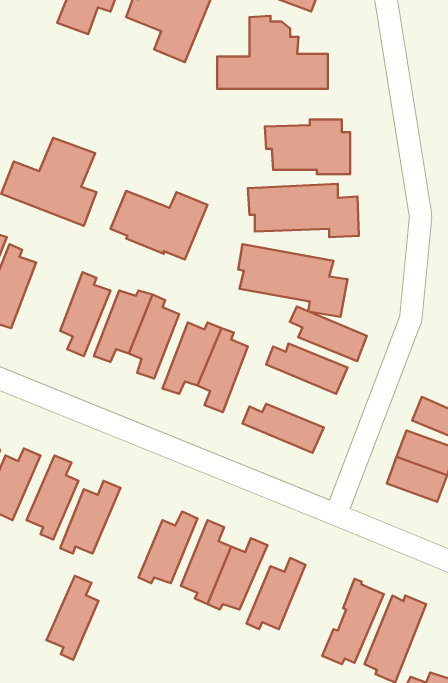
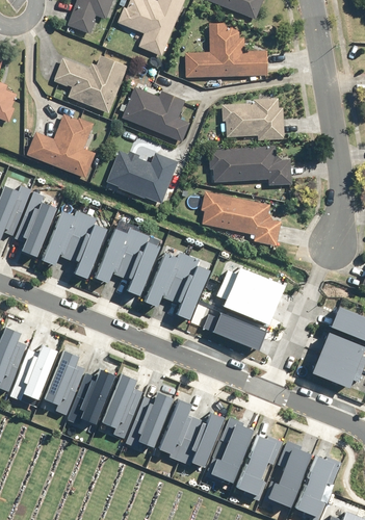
building: none -> [53,55,129,114]
building: none -> [124,88,191,142]
building: none -> [43,209,86,263]
building: [290,307,367,361] -> [217,282,275,322]
building: none -> [237,435,281,498]
building: [47,576,99,660] -> [103,372,141,435]

